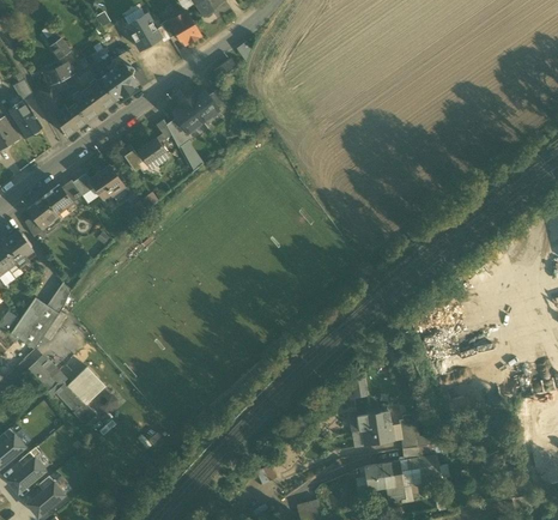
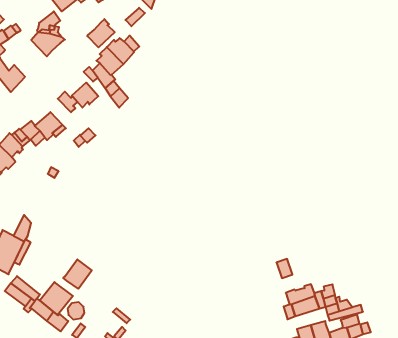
building: none -> [87,19,115,47]
building: [72,79,114,121] -> none
building: none -> [63,259,92,289]

